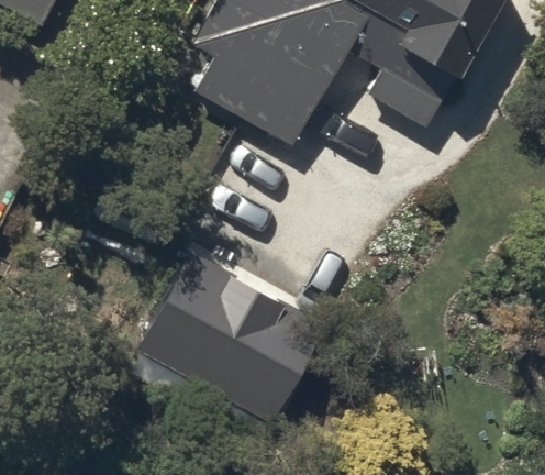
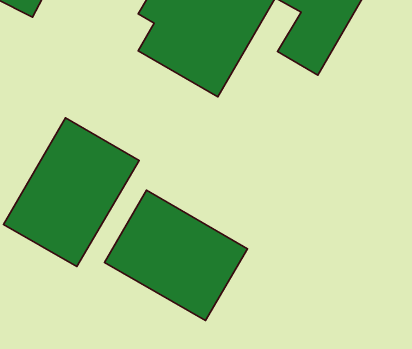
building: none -> [4,118,139,267]

